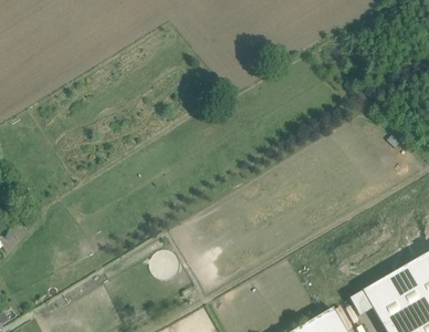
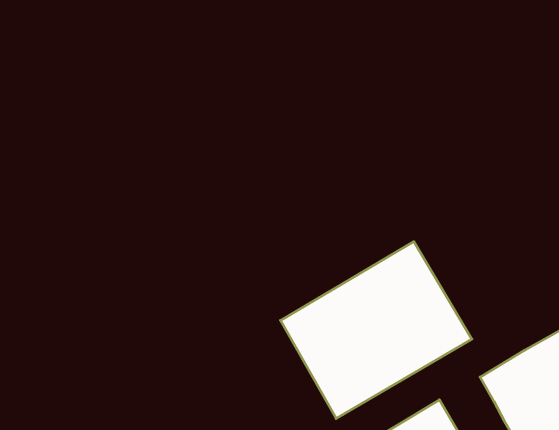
building: none -> [280,242,472,419]

